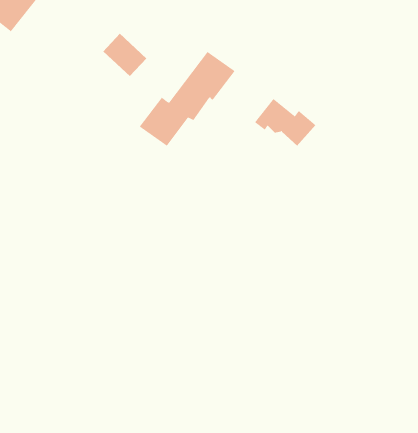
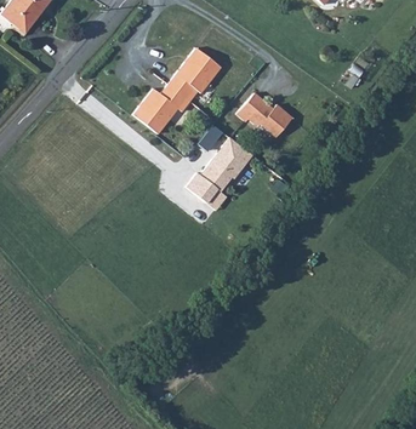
building: [102,33,147,77] -> none
building: none -> [181,122,250,202]

